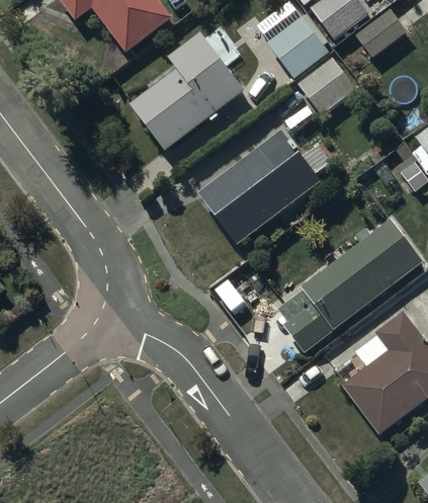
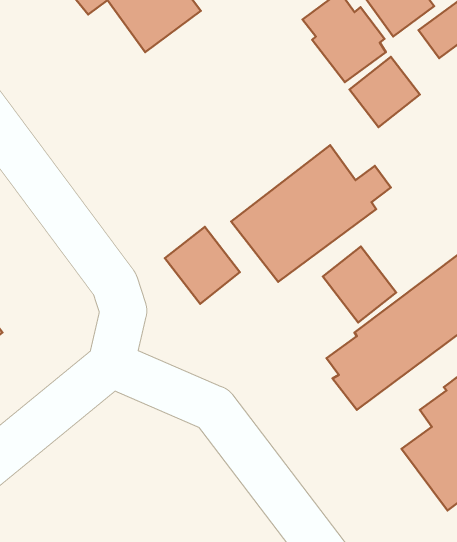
building: [131,32,246,151] -> none
building: none -> [165,227,240,304]
building: none -> [323,247,396,323]

